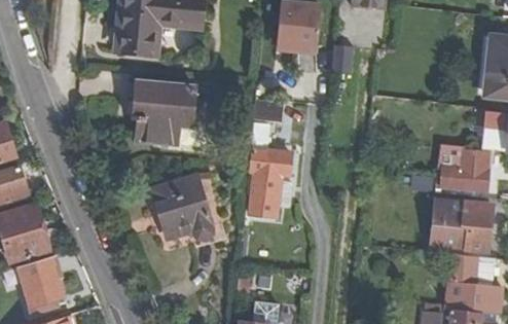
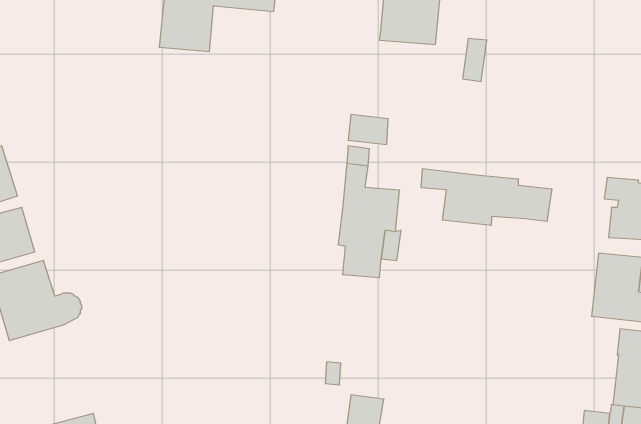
building: [132,81,194,143] -> none
building: none -> [421,169,552,225]
building: [151,175,211,238] -> none
building: [17,255,63,305] -> none

